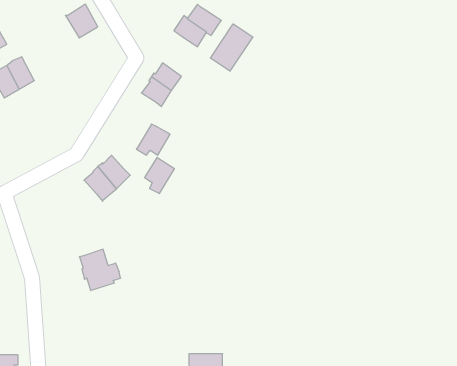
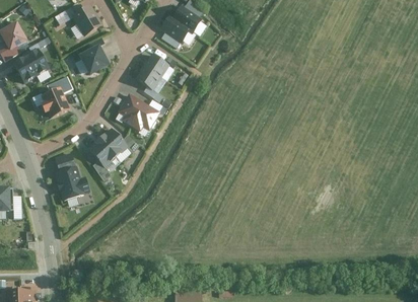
building: [210,24,253,71] -> none
building: none -> [81,47,109,73]
building: none -> [43,88,69,117]
building: [145,157,174,194] -> [120,94,144,124]
building: [79,249,121,290] -> [56,166,89,200]

